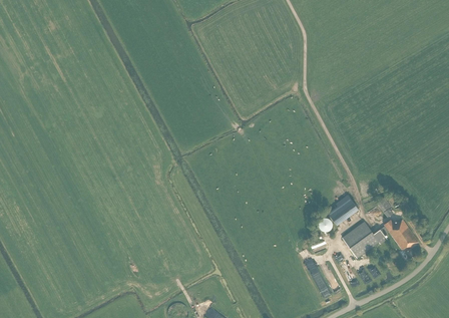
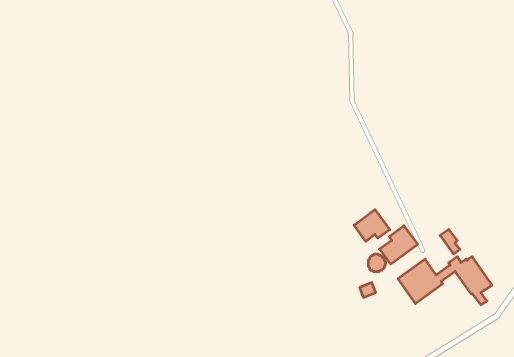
building: none -> [354,210,390,241]

